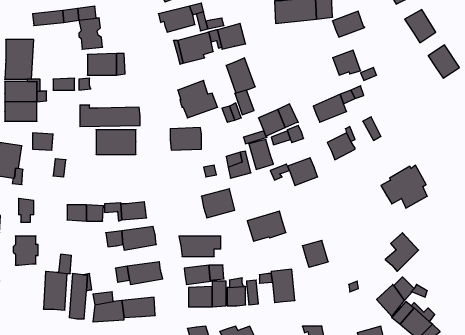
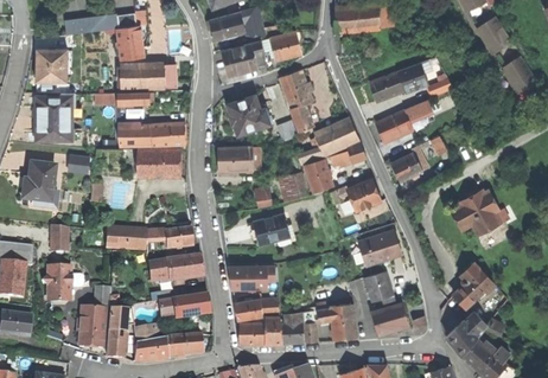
building: [332,11,365,37] -> [370,72,406,101]
building: [247,211,286,241] -> [358,231,401,264]
building: none -> [371,303,409,335]

